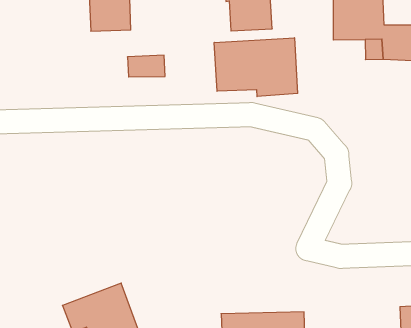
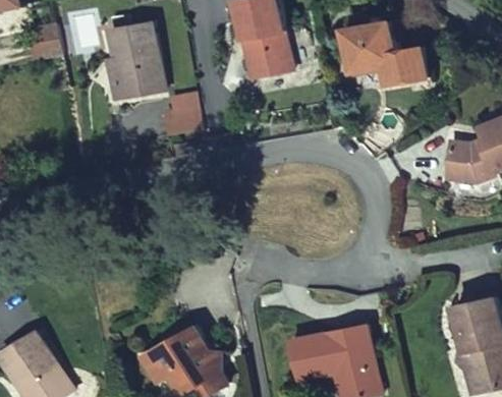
building: [214,38,298,97] -> none

